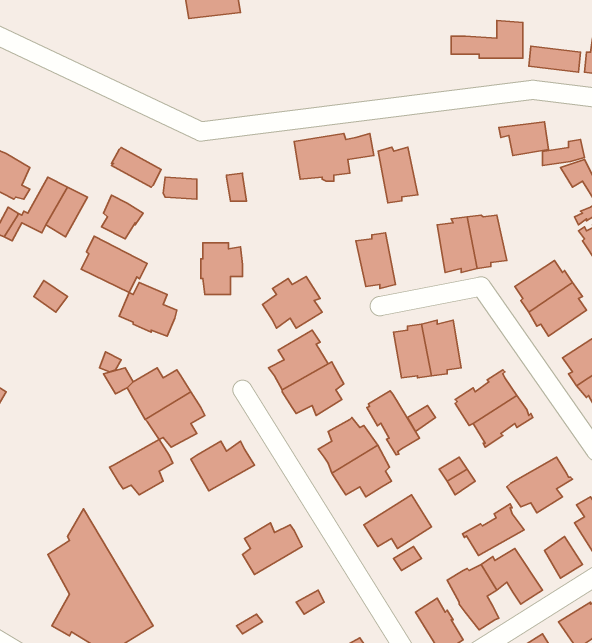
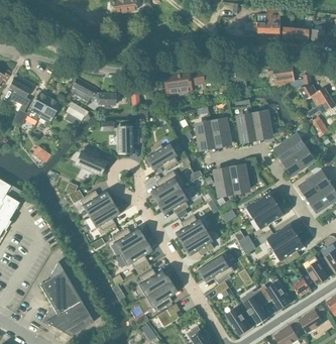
building: [378,147,418,203] -> [211,119,231,147]
building: [81,236,147,292] -> none
building: [367,391,420,455] -> none
building: [109,439,173,495] -> [119,239,151,267]
building: [463,504,524,556] -> [266,222,298,248]
building: none -> [144,280,177,311]

